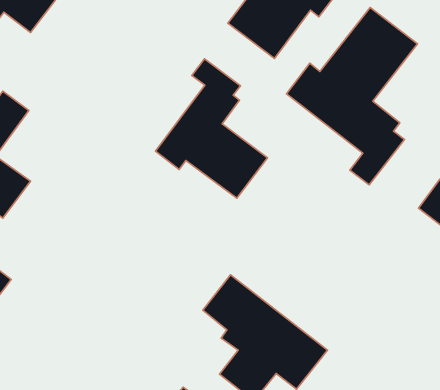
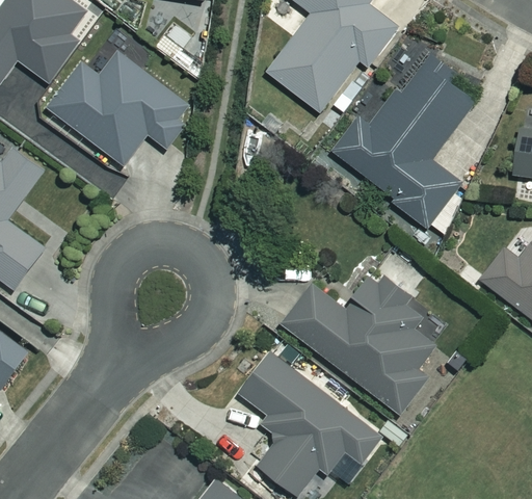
building: none -> [47,51,188,164]
building: [155,59,268,198] -> none
building: none -> [282,270,435,413]

